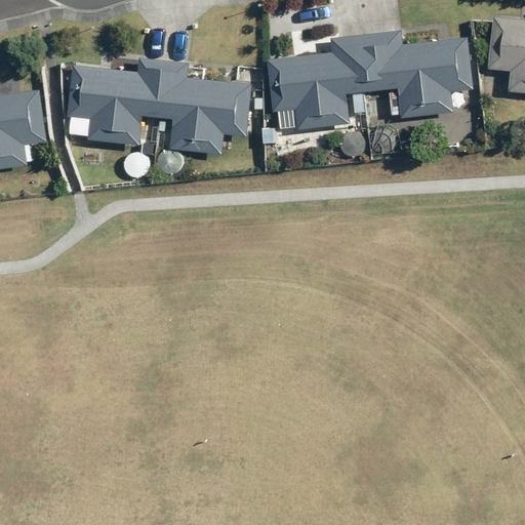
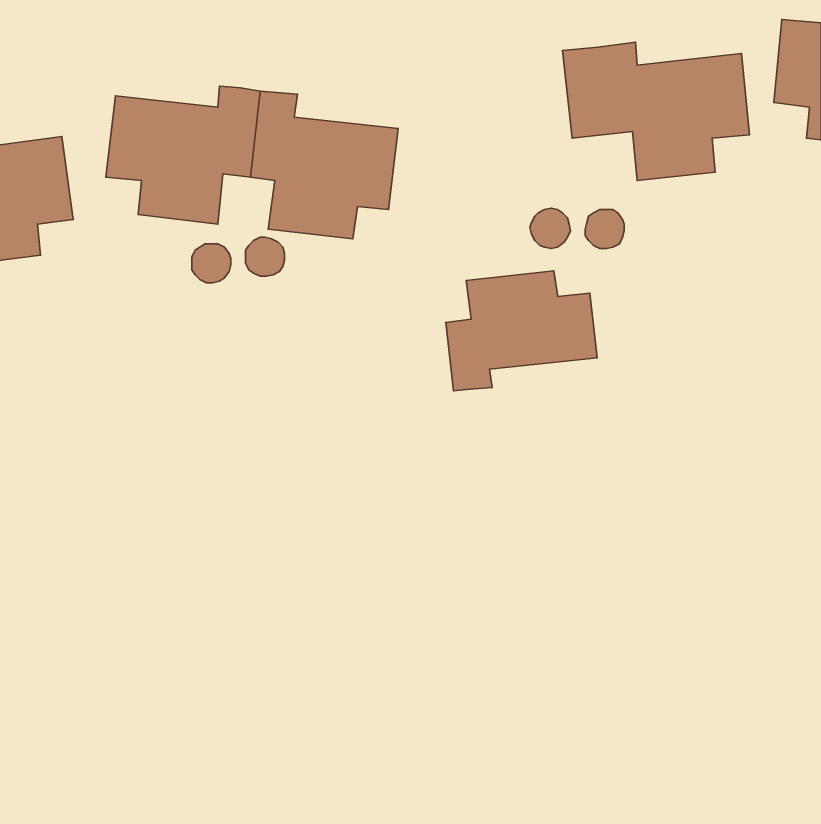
building: [268,36,361,130] -> none
building: none -> [446,271,597,391]

